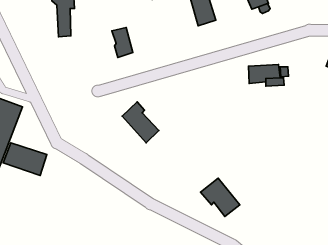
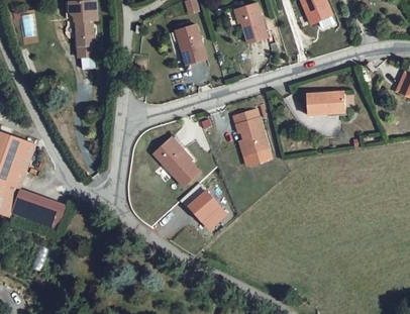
building: [112,27,133,58] -> [178,28,203,65]
building: none -> [232,109,272,165]
building: [200,178,240,216] -> [180,183,227,229]

